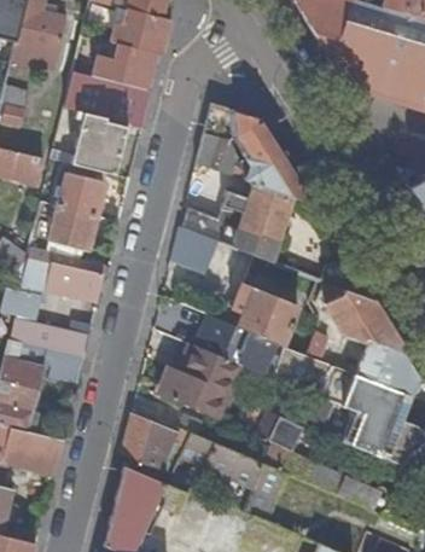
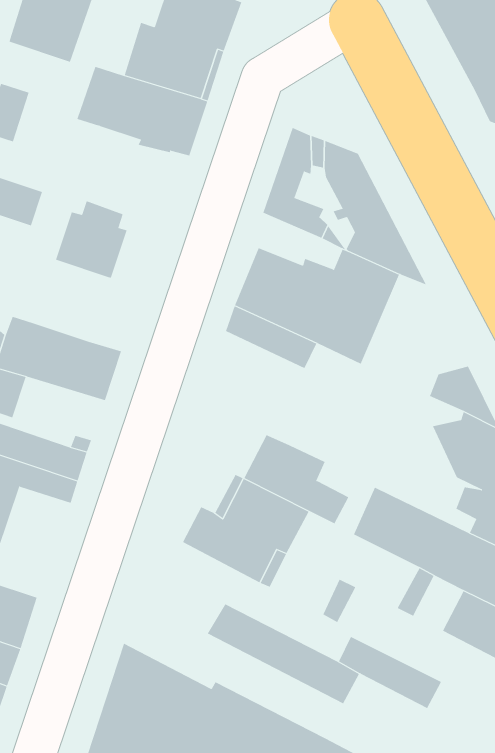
building: [51,112,129,175] -> none
building: [45,207,94,261] -> none
building: [227,274,328,350] -> none
building: [121,413,176,469] -> none

